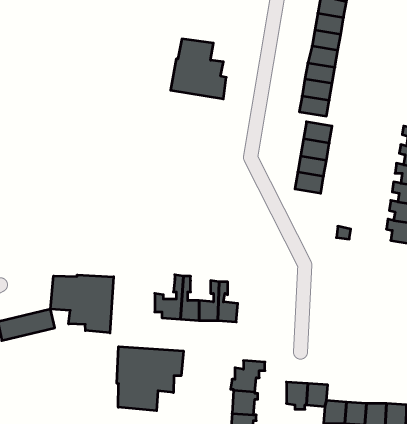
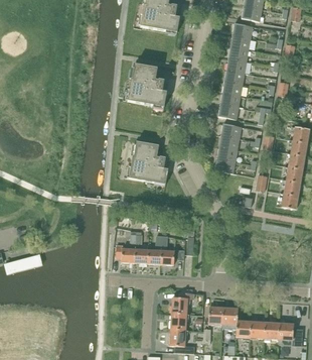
building: none -> [129,140,168,183]
building: [50,275,114,333] -> none
building: [117,347,183,411] -> none

